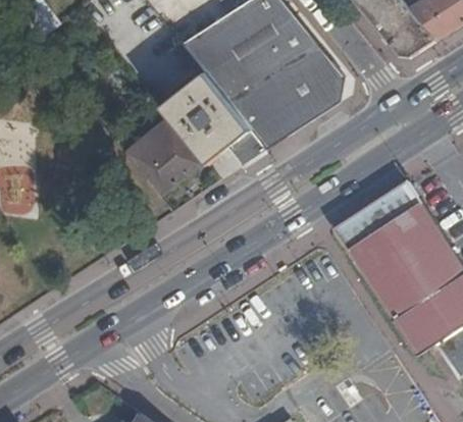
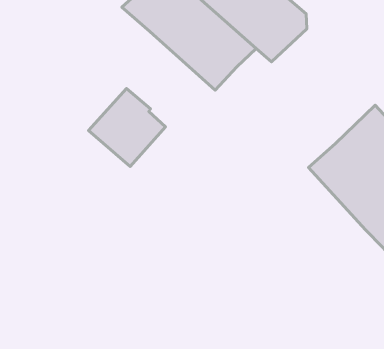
building: [161,72,267,168] -> none

